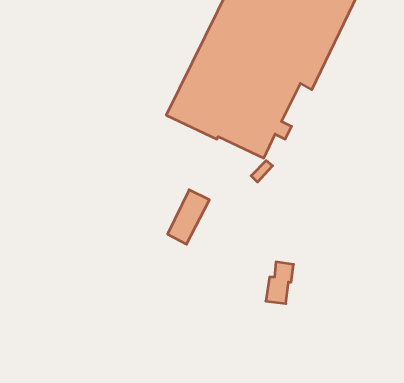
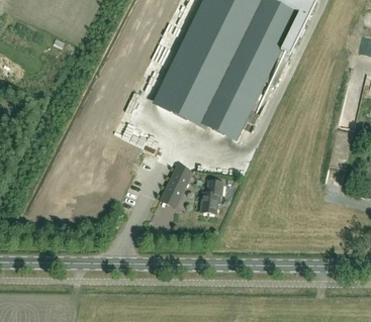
building: [266,262,294,304] -> [199,179,221,212]

